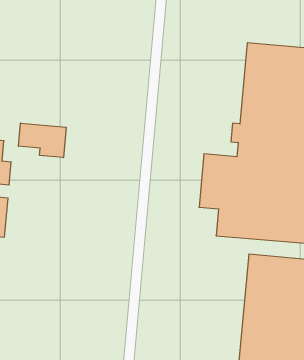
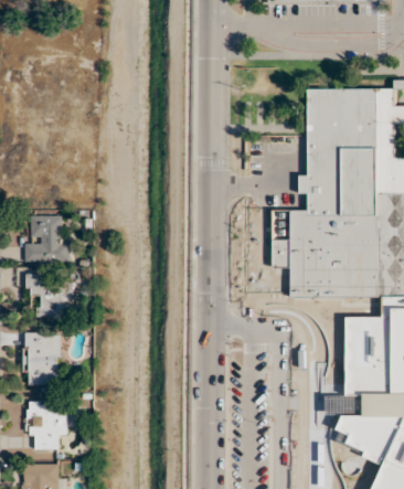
building: [18,123,66,158] -> none

